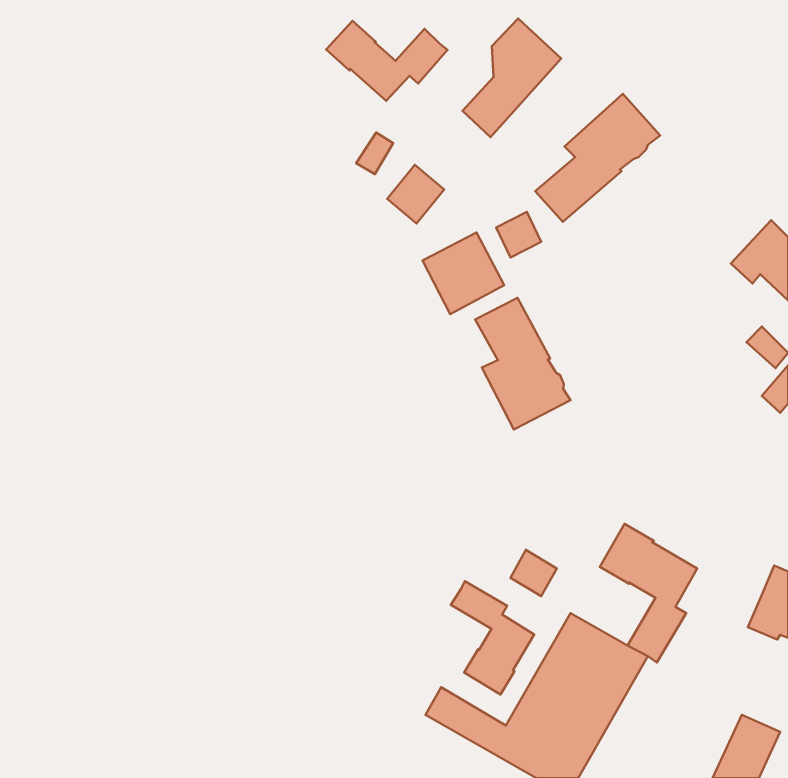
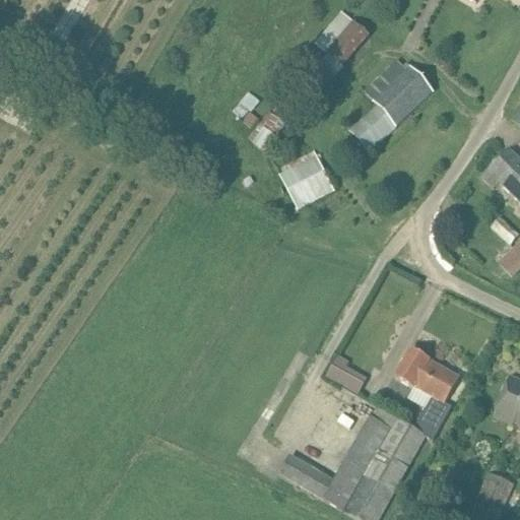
building: [326,21,448,101] -> none
building: [496,212,541,258] -> none
building: [475,298,571,430] -> none
building: [451,581,534,695] -> none

